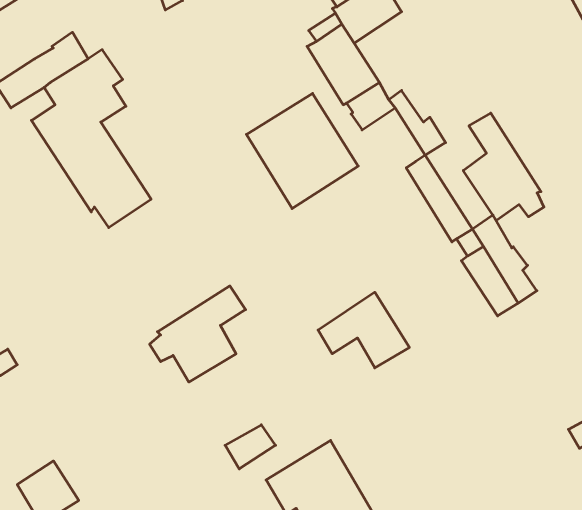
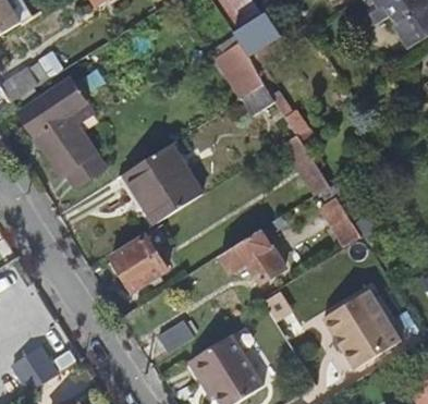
building: [246,93,358,209] -> [125,144,203,223]
building: [463,113,544,220] -> none
building: none -> [327,291,399,358]

